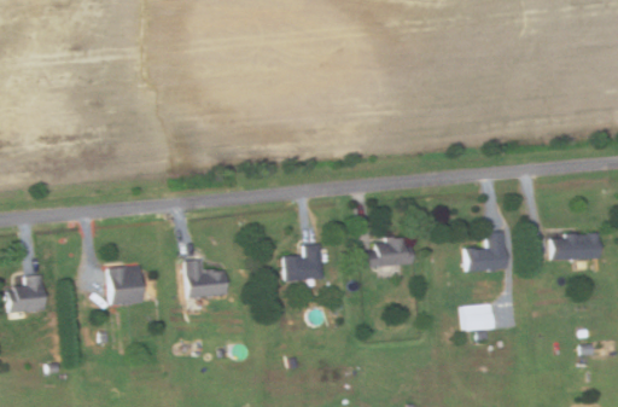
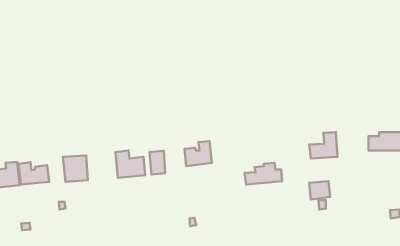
building: [360,237,414,268] -> [245,163,282,185]
building: none -> [149,151,165,174]
building: none -> [19,162,49,185]

